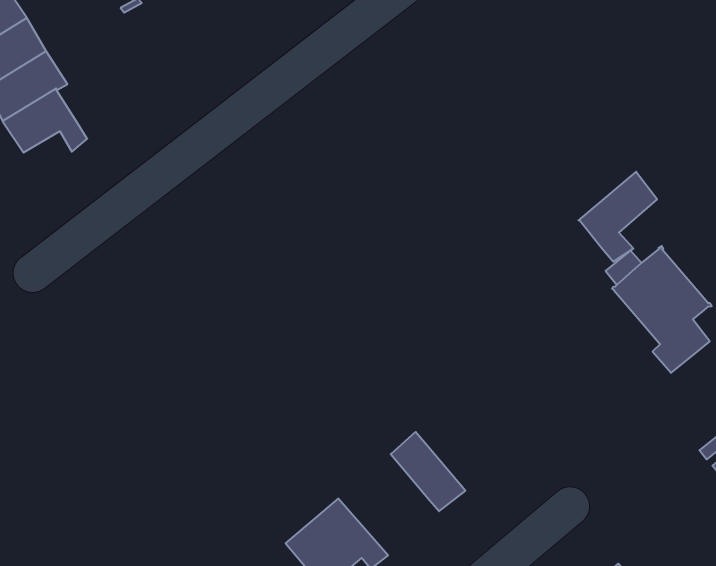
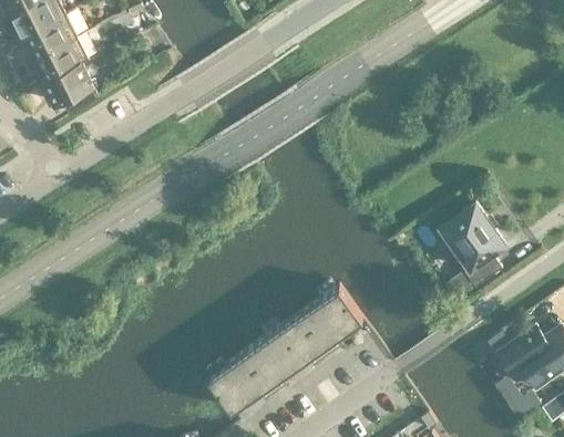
building: [578,172,657,262] -> none
building: none -> [300,288,362,356]
building: none -> [245,327,306,395]

